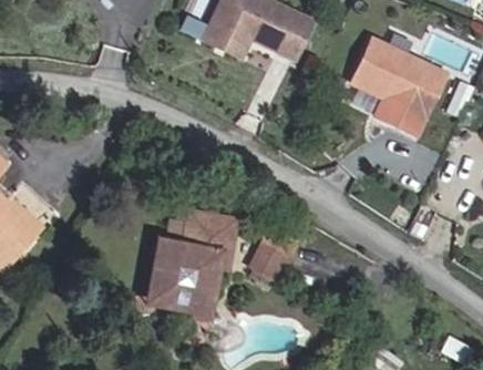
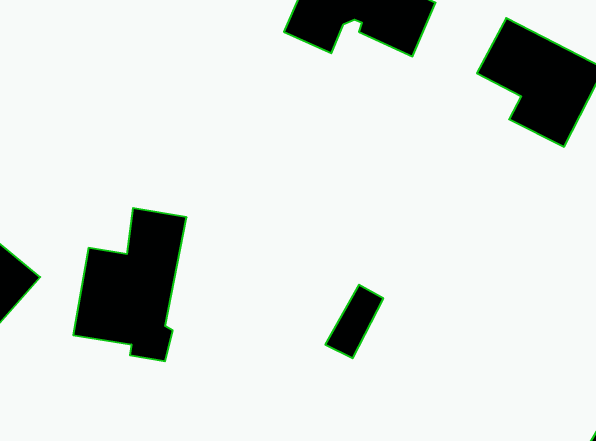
building: [141,207,223,318] -> [73,208,187,361]

